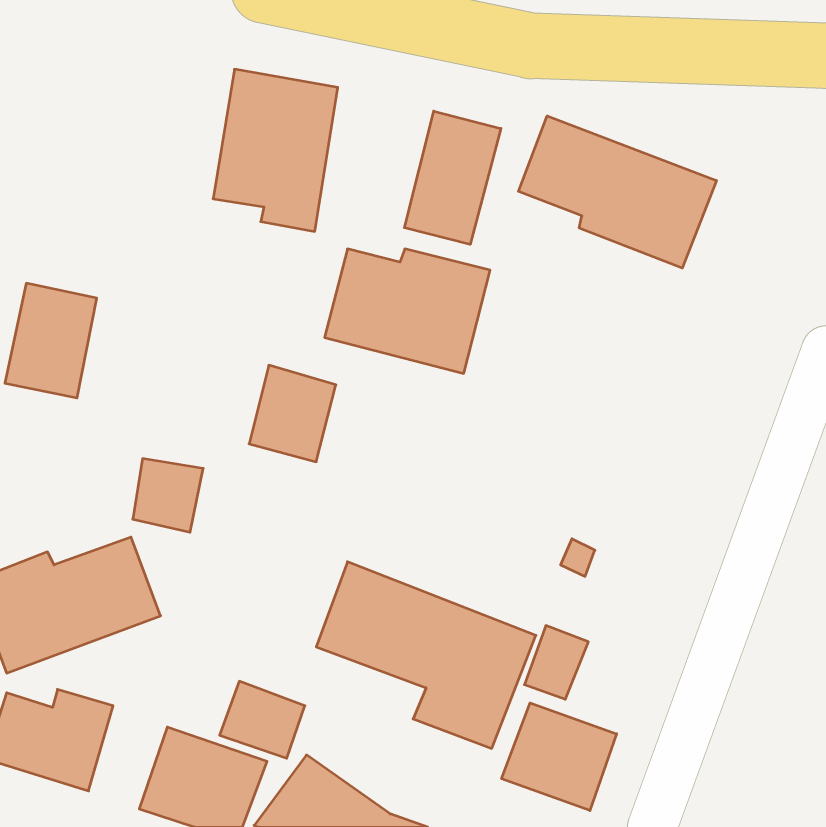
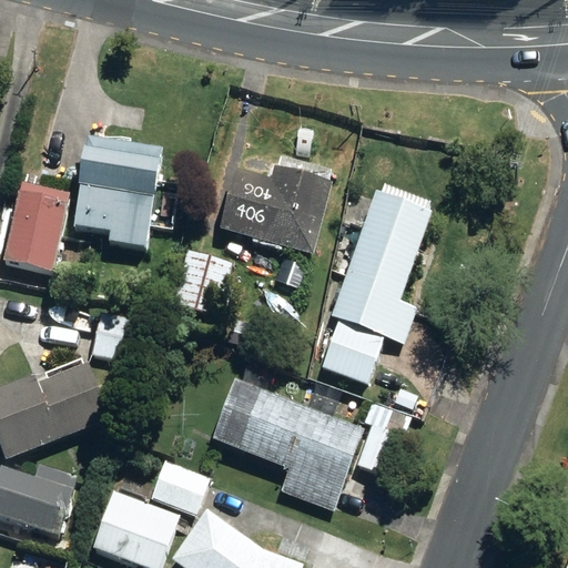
building: [213,69,338,231] -> [78,138,162,247]
building: [404,111,501,244] -> none
building: [518,116,716,268] -> none
building: none -> [320,192,430,382]
building: [502,703,617,811] -> none

